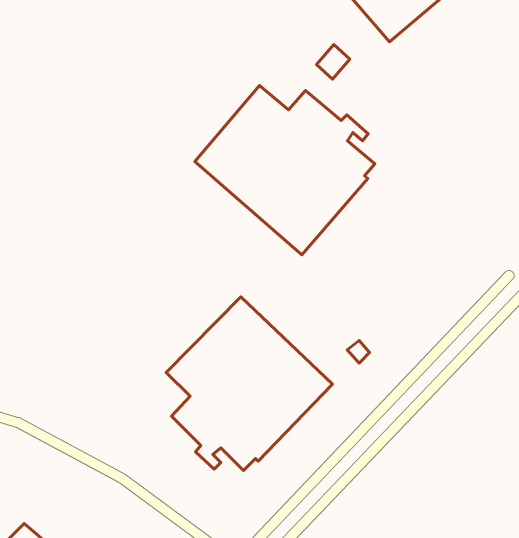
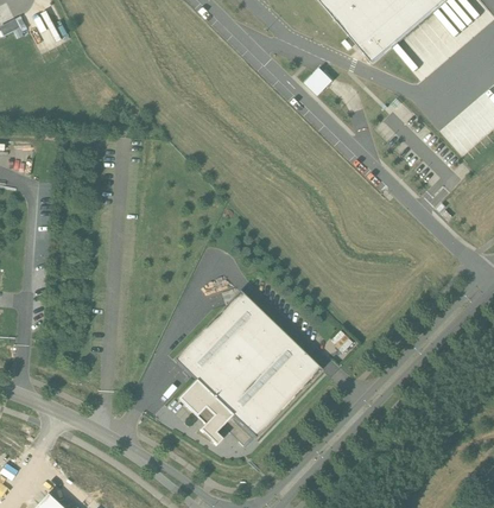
building: [195,85,375,255] -> none

